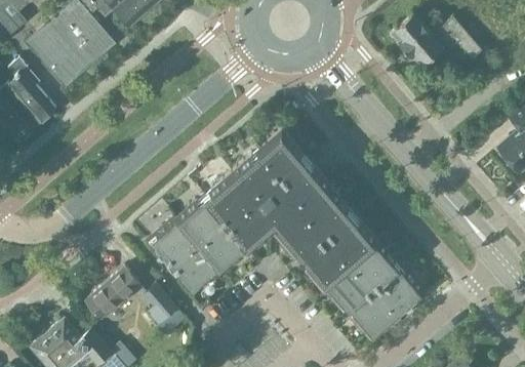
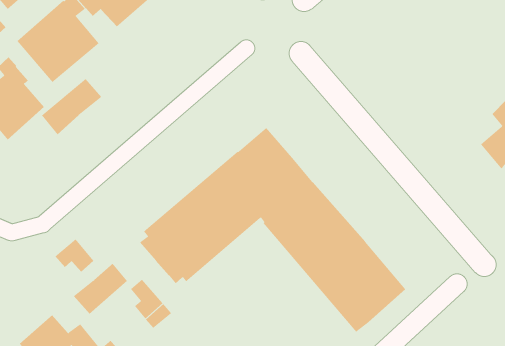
building: [389,13,482,65] -> none
building: none -> [41,78,102,135]
building: none -> [54,239,94,273]

